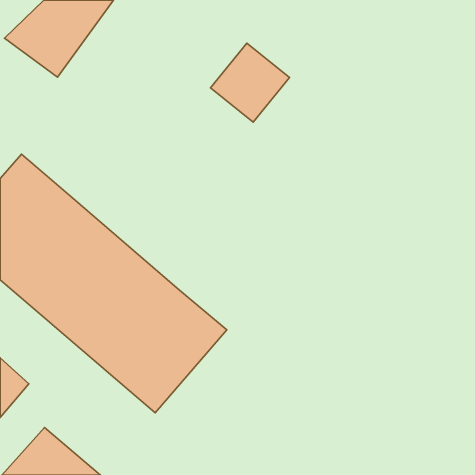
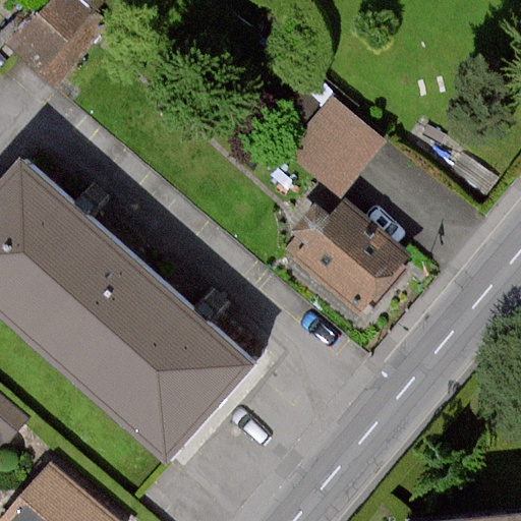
building: [211,43,290,122] -> [292,102,379,188]
building: none -> [298,205,407,311]

